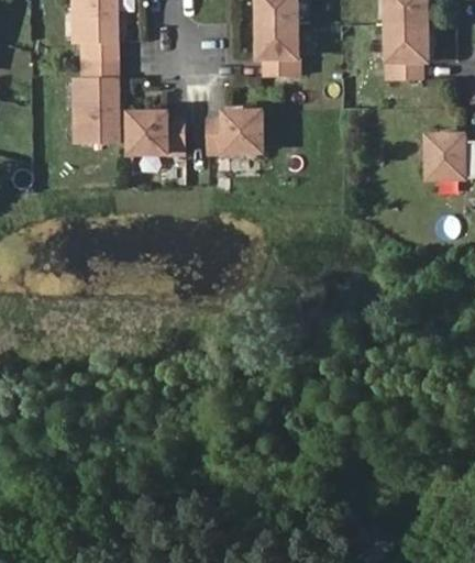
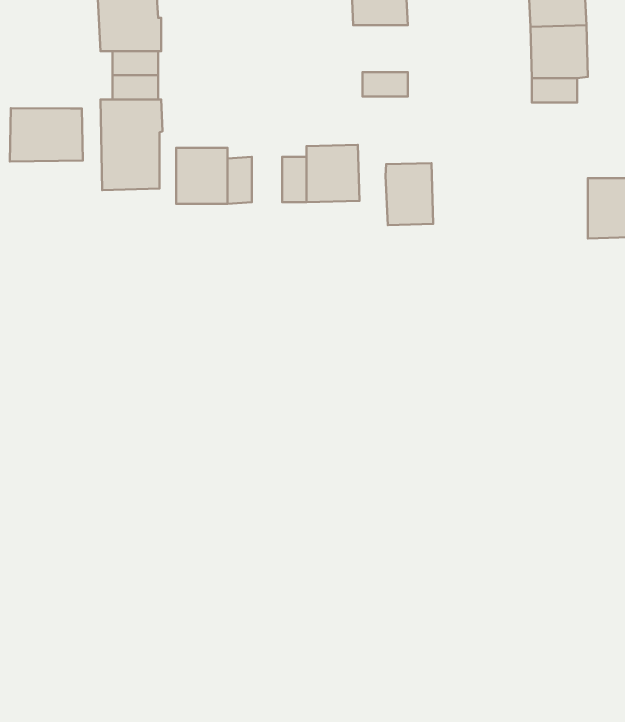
building: [258,23,298,58] -> none
building: none -> [10,108,83,162]
building: none -> [385,163,433,225]

